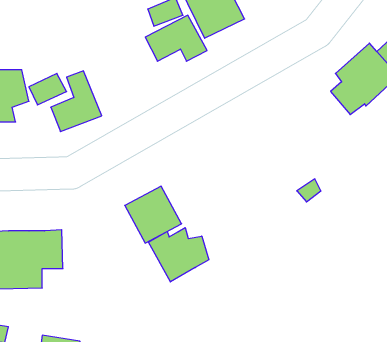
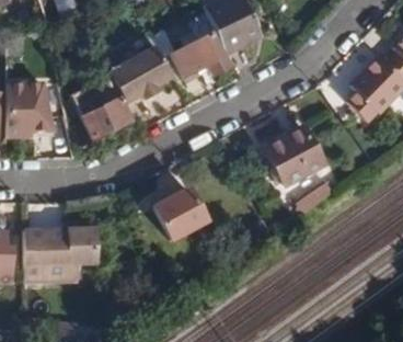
building: none -> [113,44,174,102]
building: none -> [262,125,323,185]
building: [149,228,209,282] -> none

